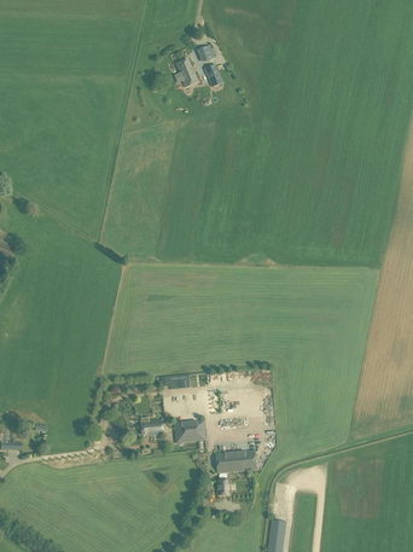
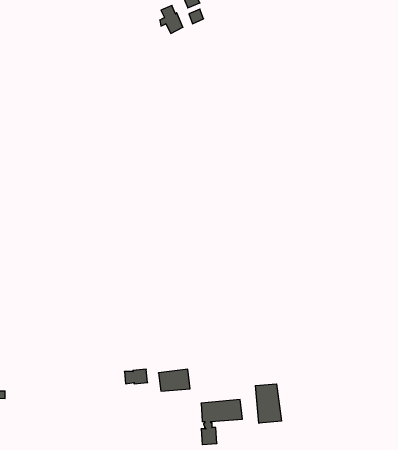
building: none -> [255,384,281,423]

